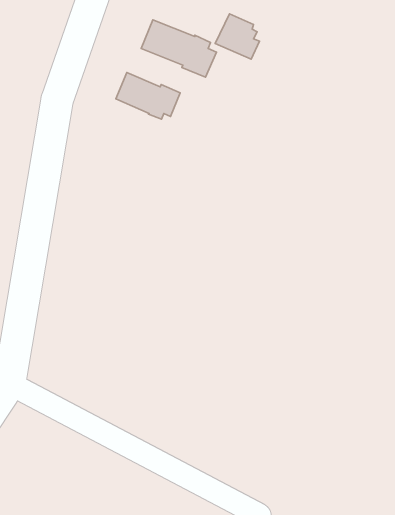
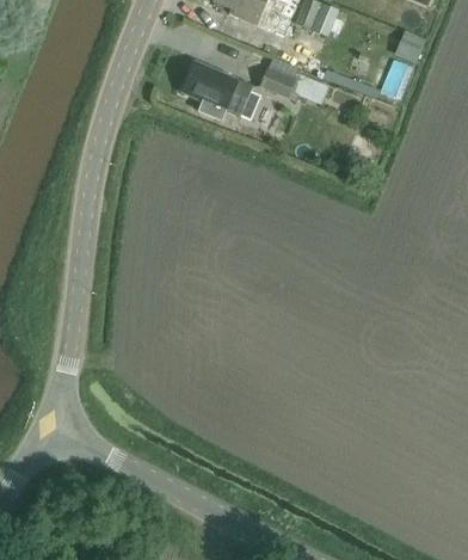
building: [116,72,180,119] -> none

